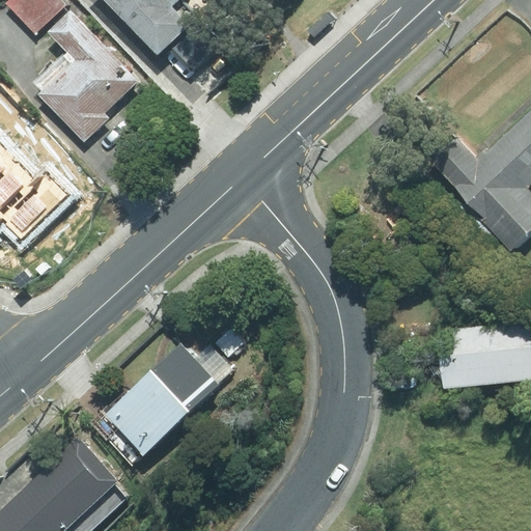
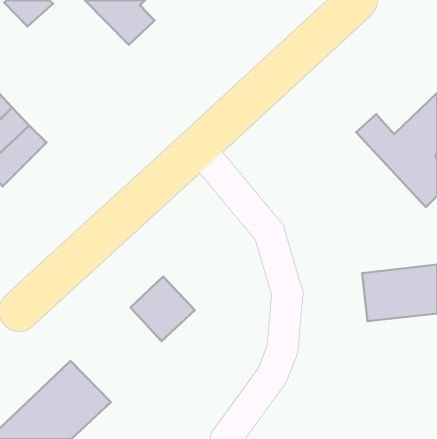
building: [31,9,136,141] -> none
building: [12,164,86,237] -> none
building: [106,371,195,459] -> none

